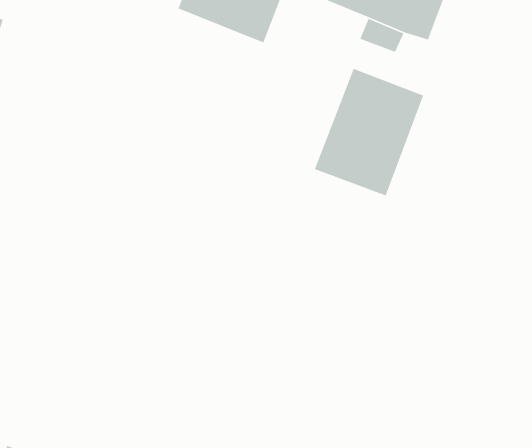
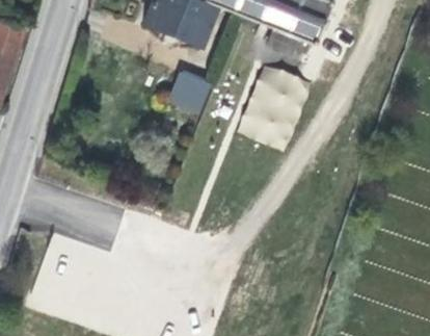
building: none -> [168,71,211,111]

